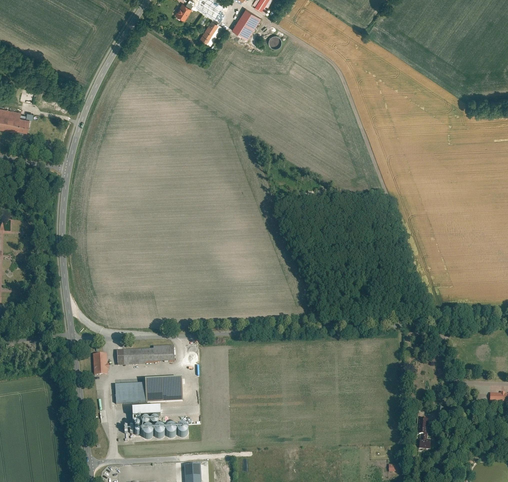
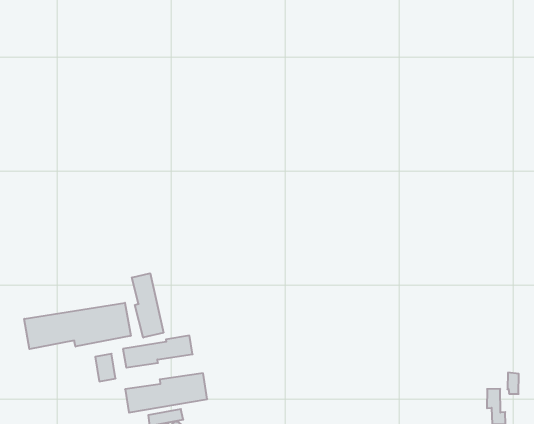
building: none -> [132,273,163,338]
building: none -> [24,303,131,349]

